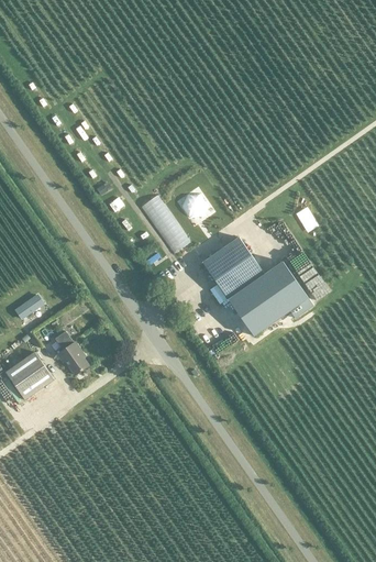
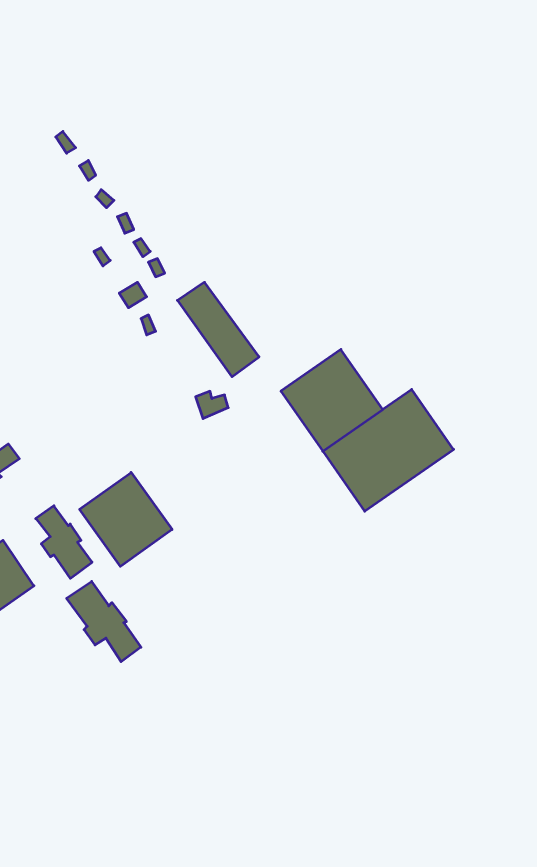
building: none -> [80,472,172,566]
building: none -> [67,581,141,662]

